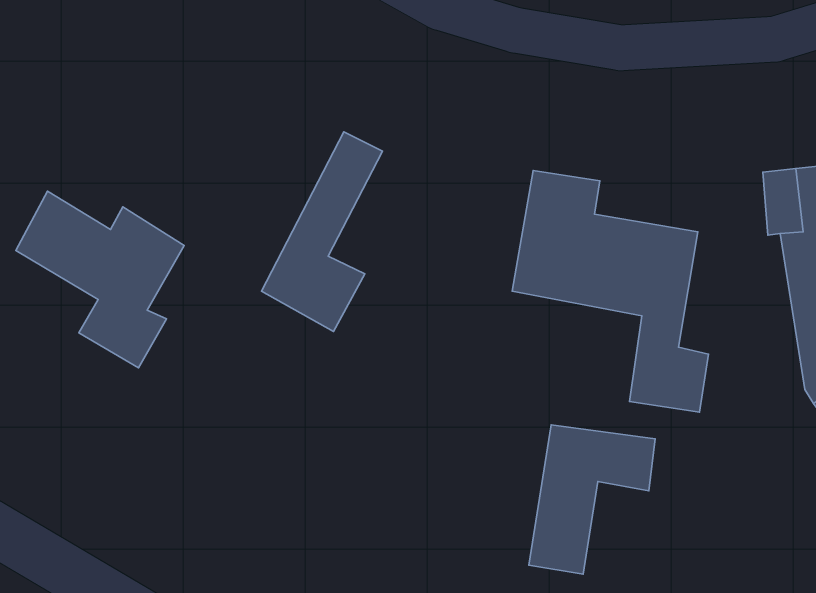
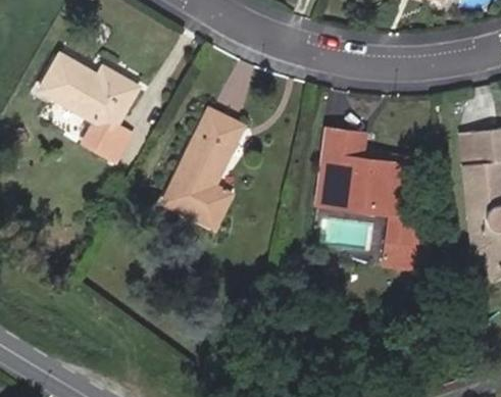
building: [16,191,184,368] -> [42,58,140,161]
building: [529,425,655,574] -> none

